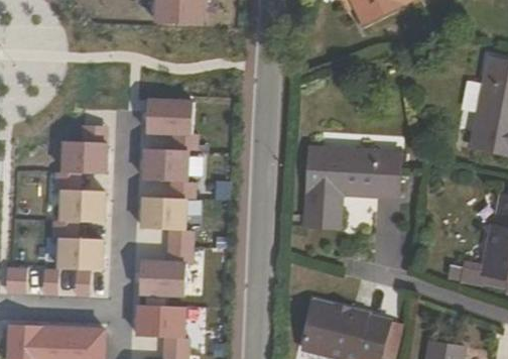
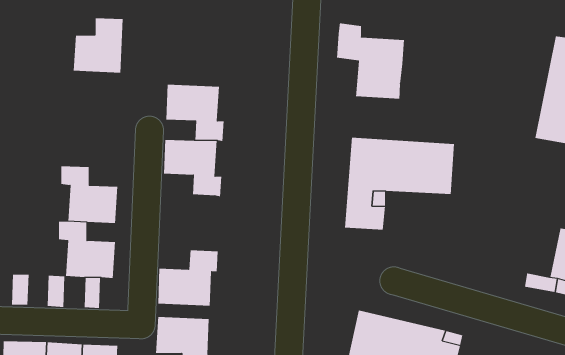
building: none -> [336,23,405,99]
building: [62,125,107,173] -> [73,18,124,73]
building: [142,196,194,246] -> none

